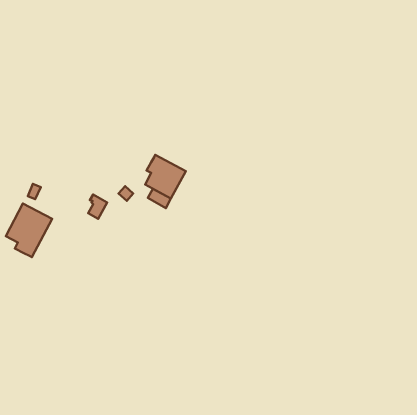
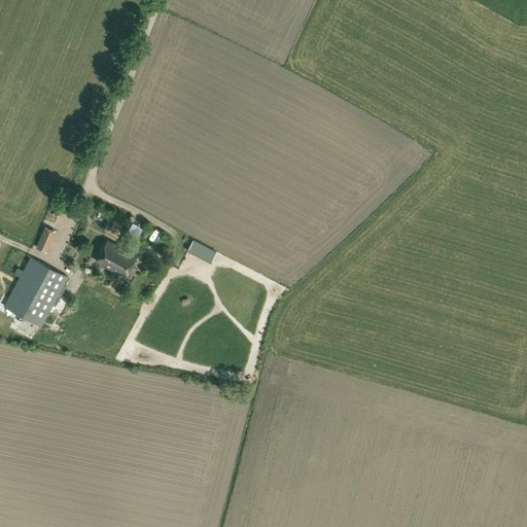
building: [145,155,186,199] -> none
building: none -> [95,243,117,272]

